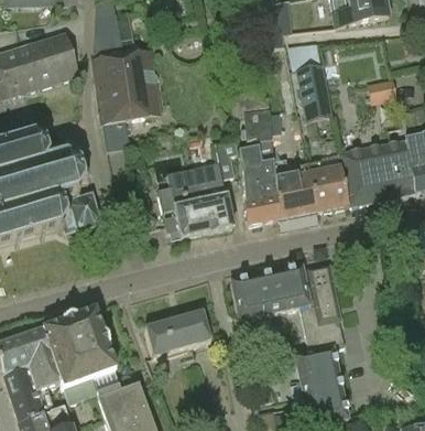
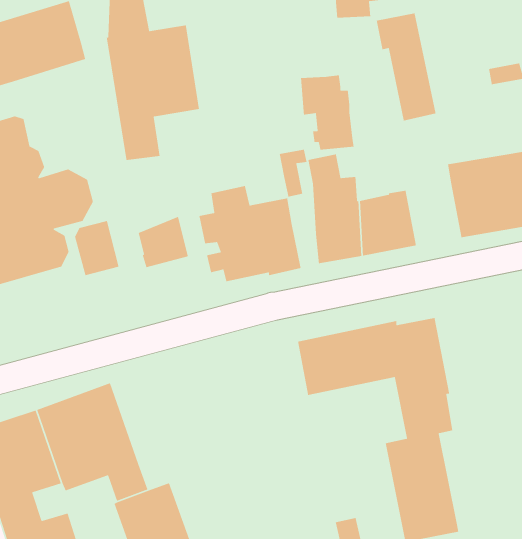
building: [309,164,349,211] -> none
building: none -> [138,216,189,268]
building: [144,310,210,356] -> none

